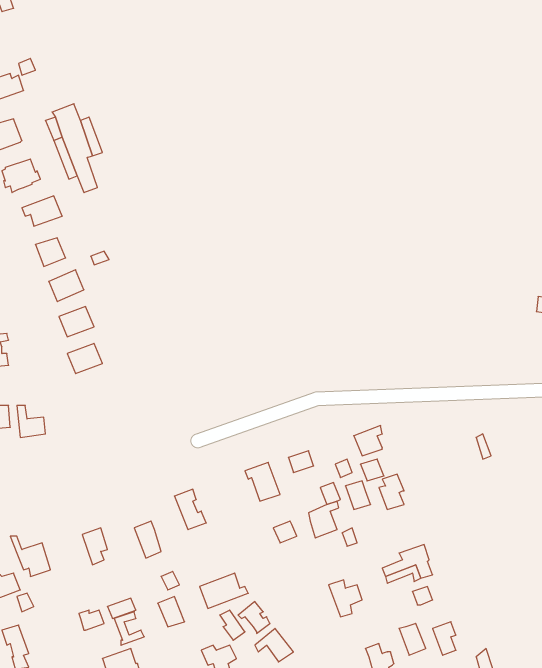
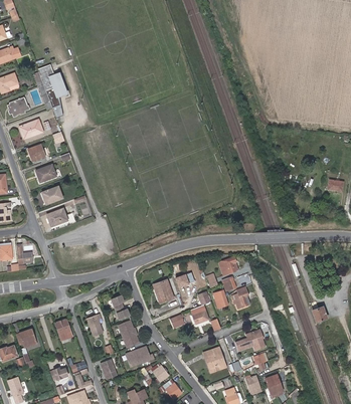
building: none -> [118,319,140,348]

